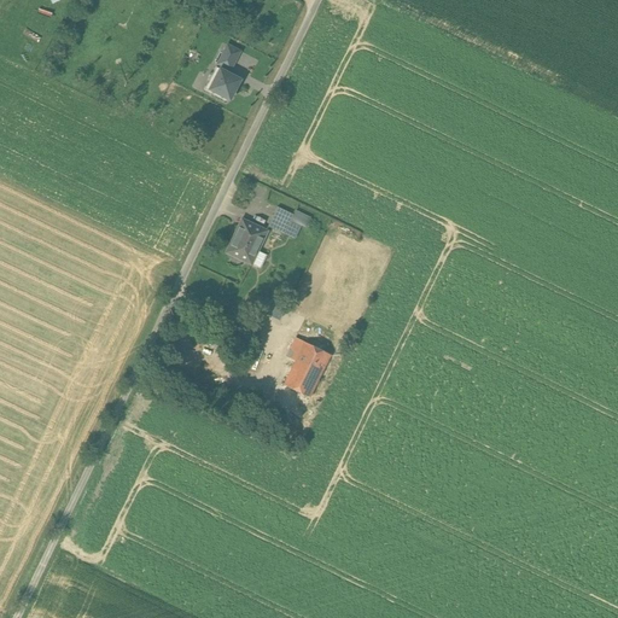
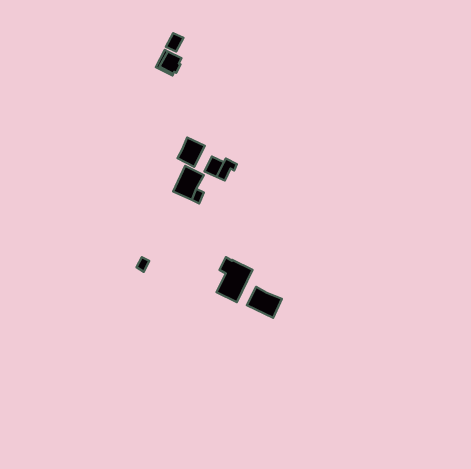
building: none -> [177,138,205,167]
building: none -> [247,287,282,318]

